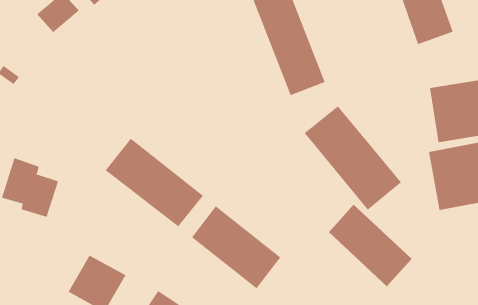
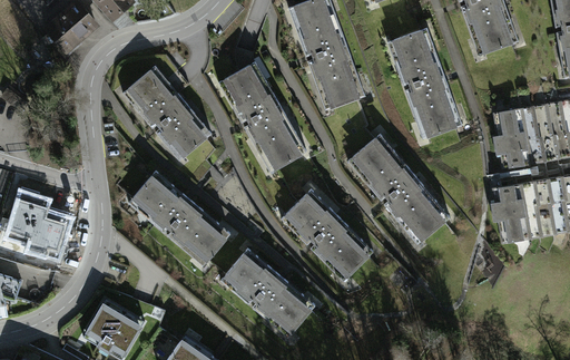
building: none -> [386,27,462,140]
building: none -> [216,59,307,175]
building: none -> [122,65,215,165]
building: [328,204,412,287] -> [281,184,376,279]

